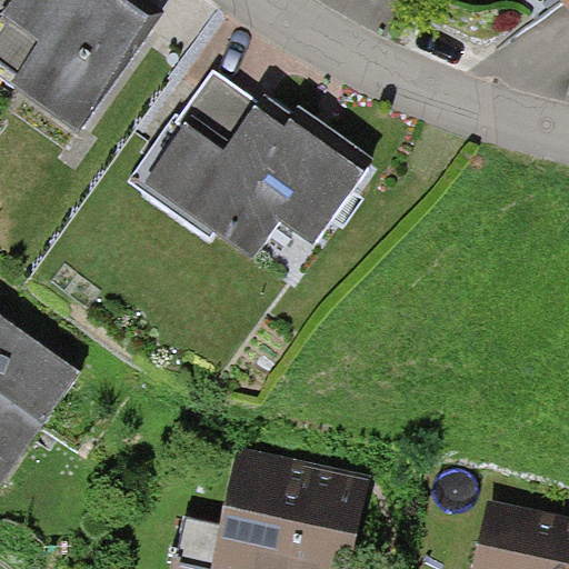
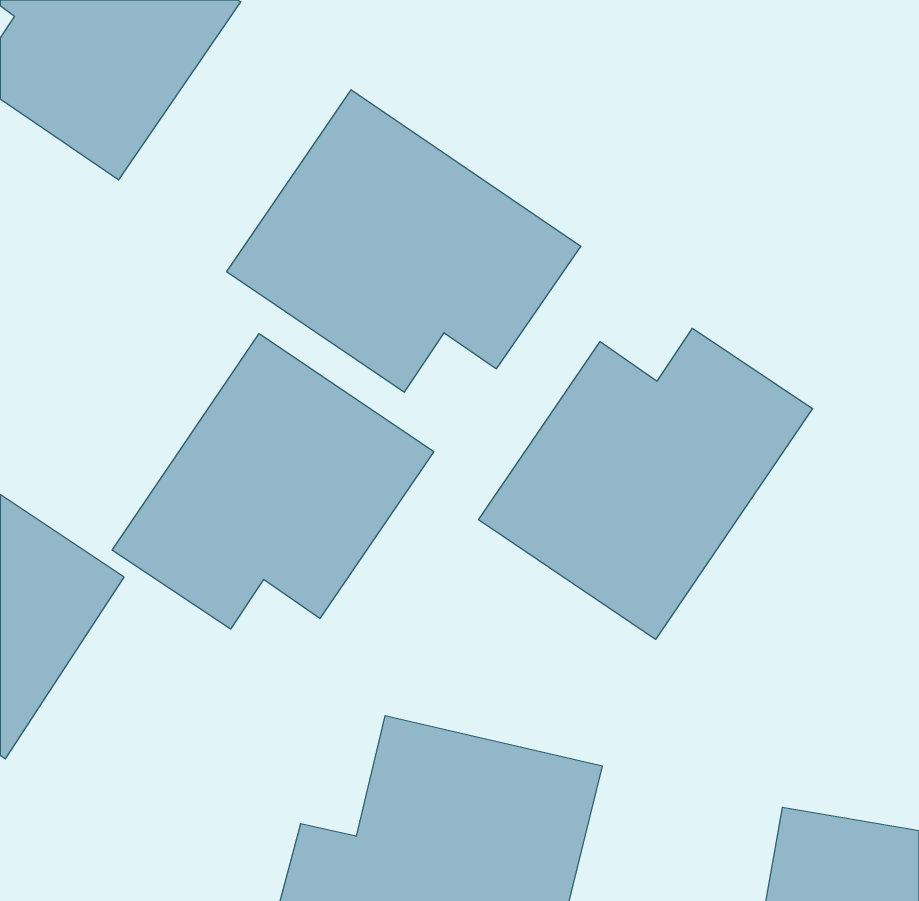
building: none -> [479,328,813,639]
building: none -> [112,334,434,629]

